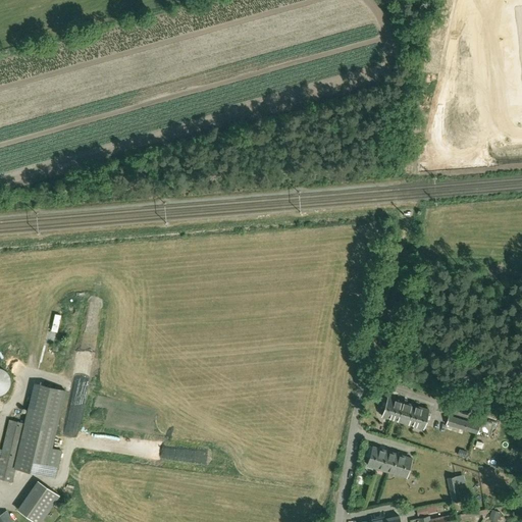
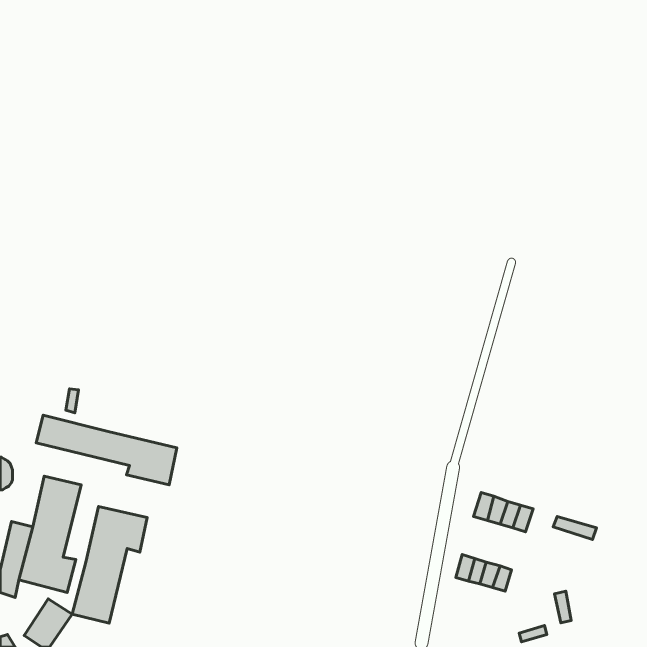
building: none -> [36,415,177,485]
building: none -> [72,507,147,623]

